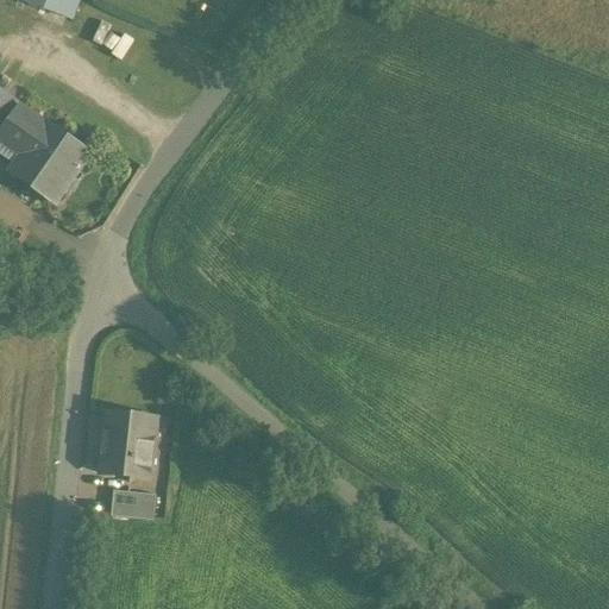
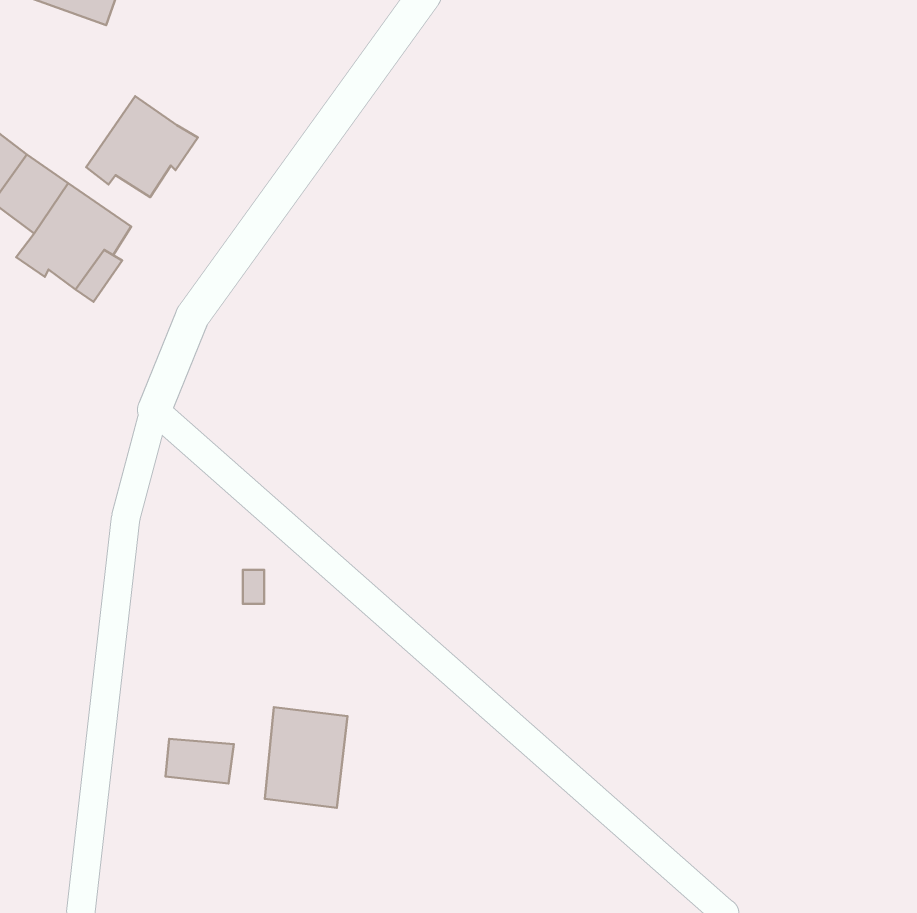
building: none -> [86,96,198,197]
building: [100,410,155,477] -> [265,707,348,808]

